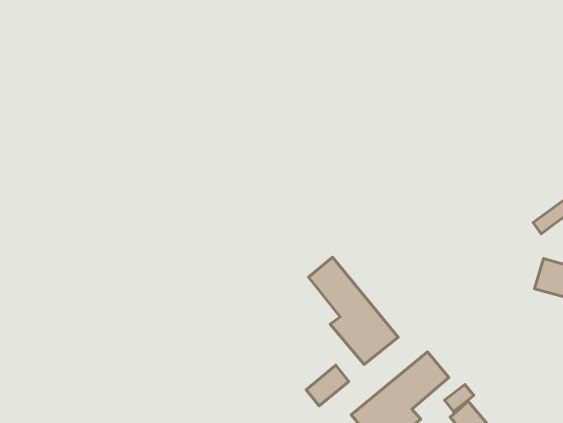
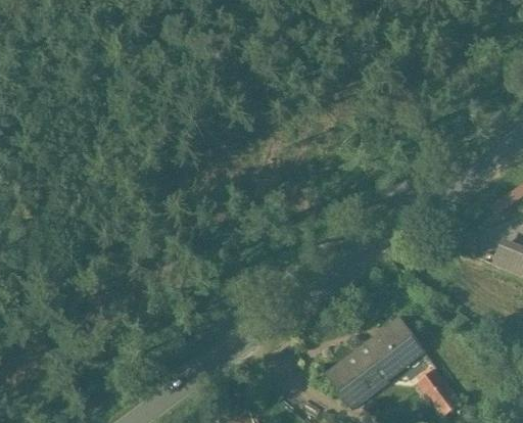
building: [308,257,398,365] -> none
building: [306,365,349,406] -> none

